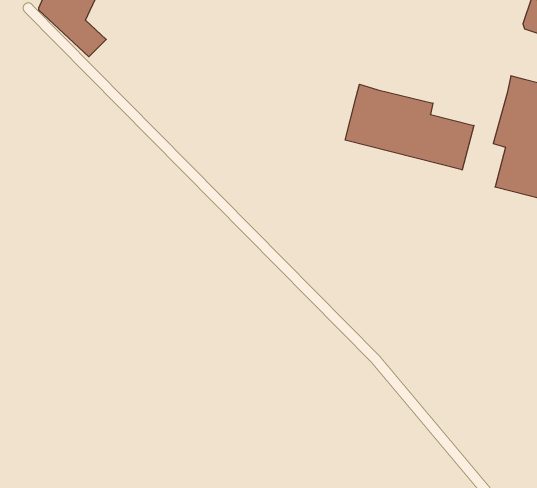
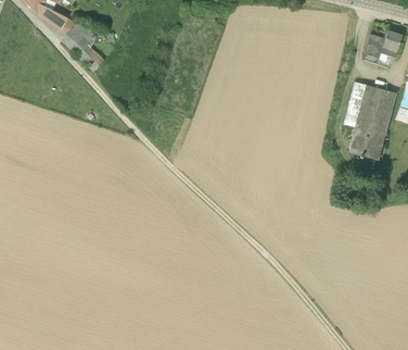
building: [345,84,474,170] -> none

